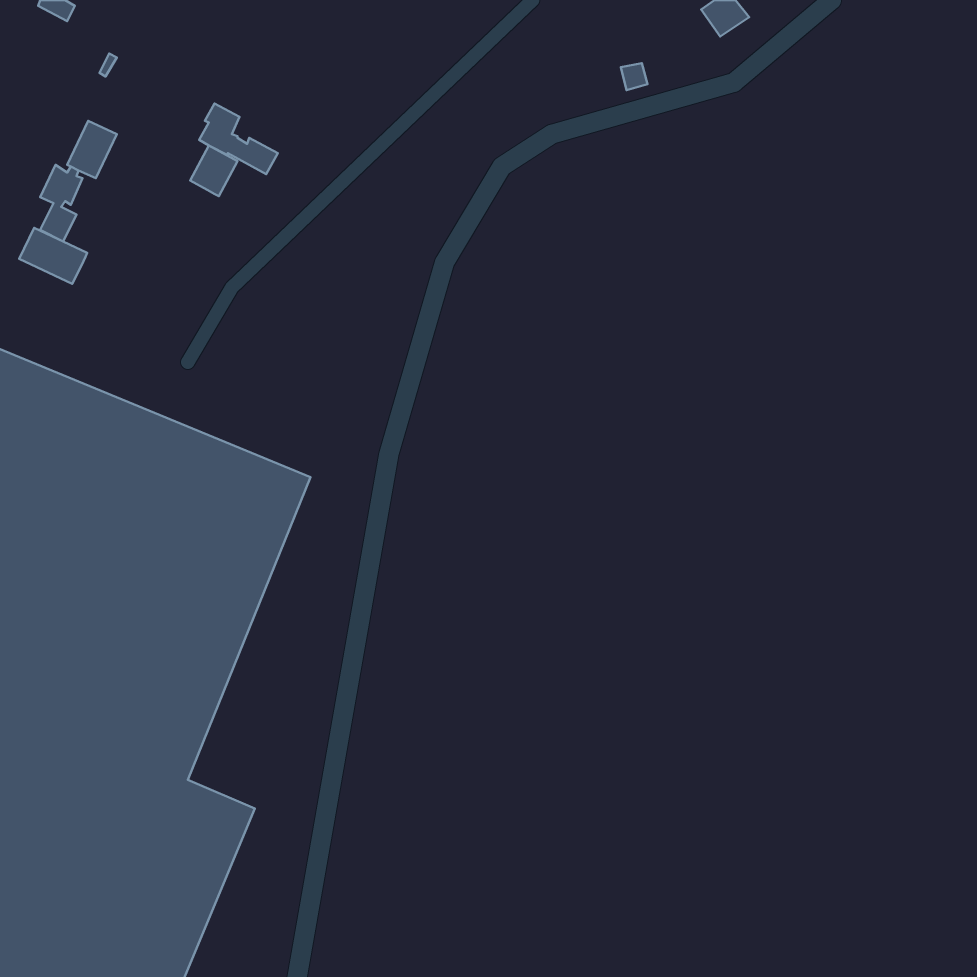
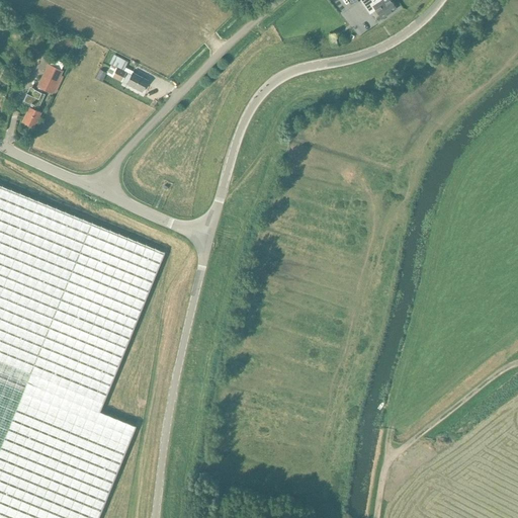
building: [190,146,237,196] -> none
building: [19,228,87,284] -> none

